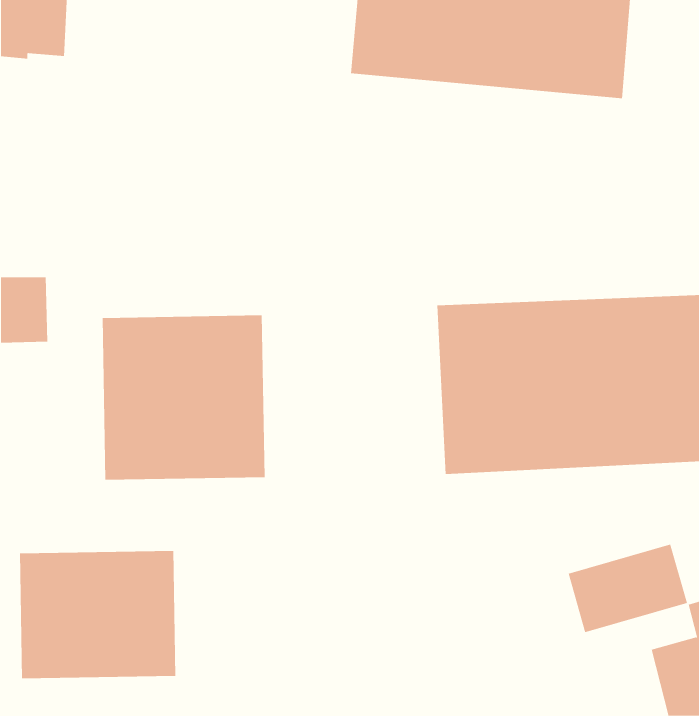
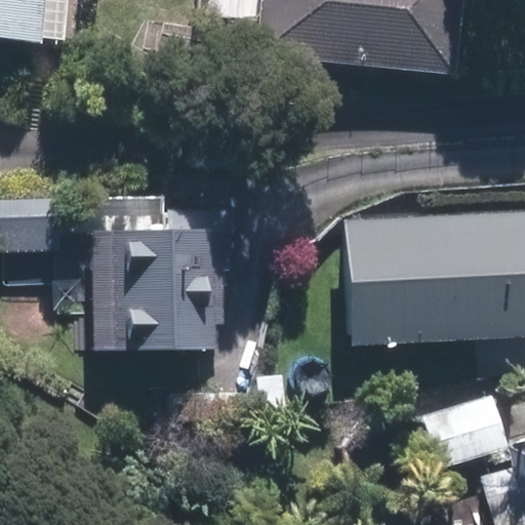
building: [19,550,176,679] -> none

